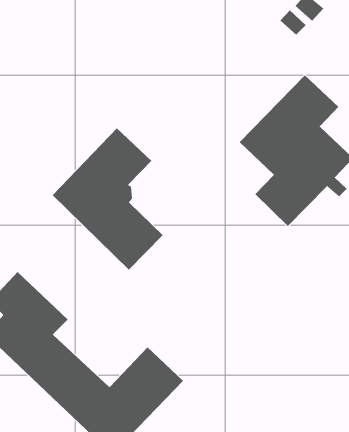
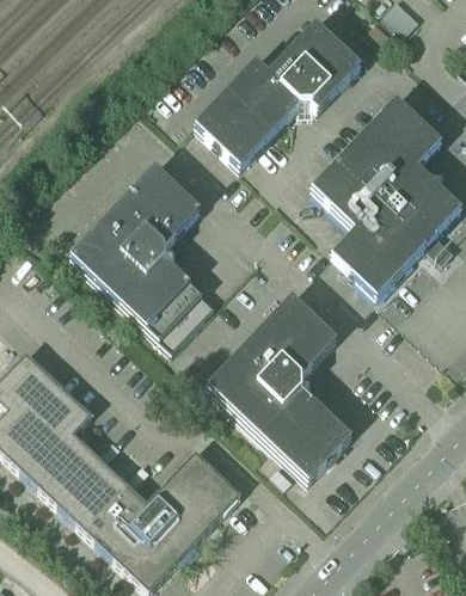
building: none -> [195,20,361,166]
building: none -> [206,295,350,479]

